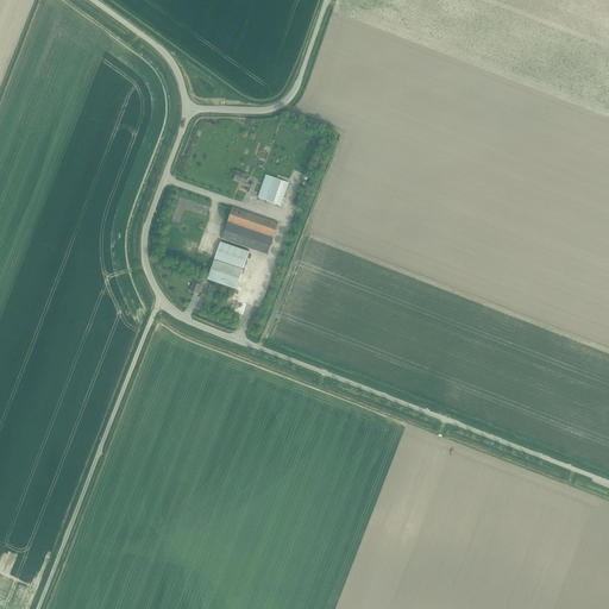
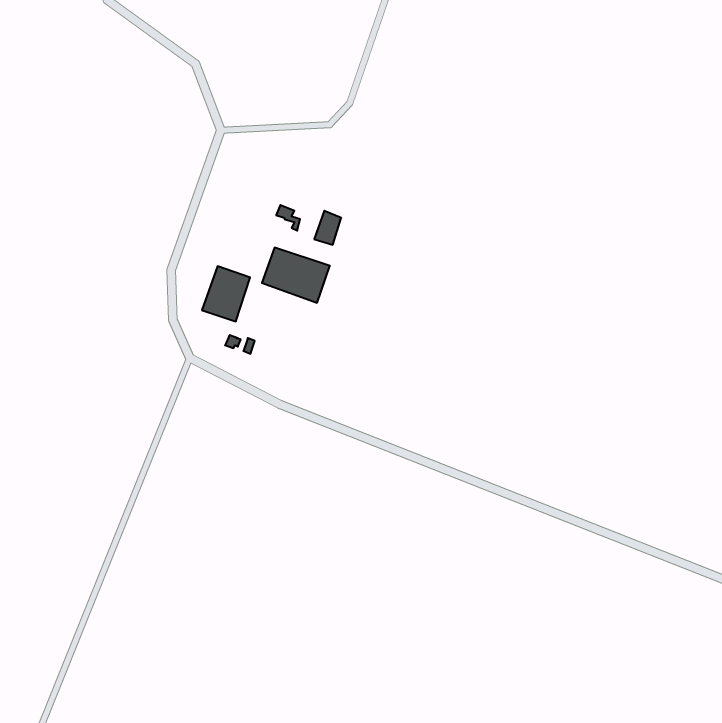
building: [207,241,247,288] -> [202,266,250,321]

